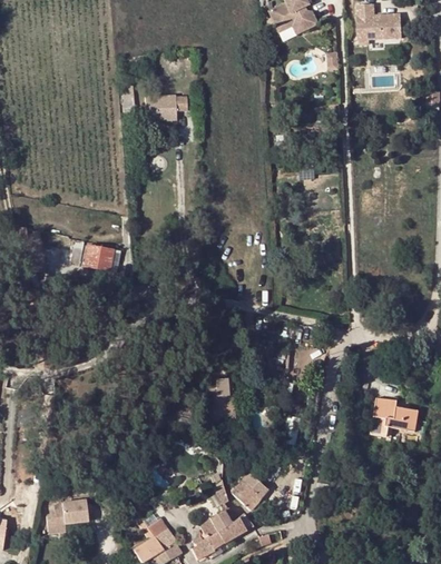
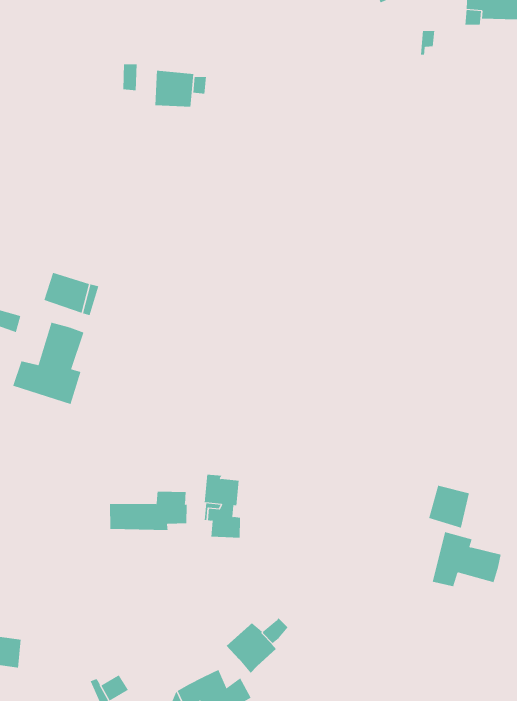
building: none -> [13,322,84,405]
building: none -> [429,485,469,528]
building: none -> [110,491,187,531]

